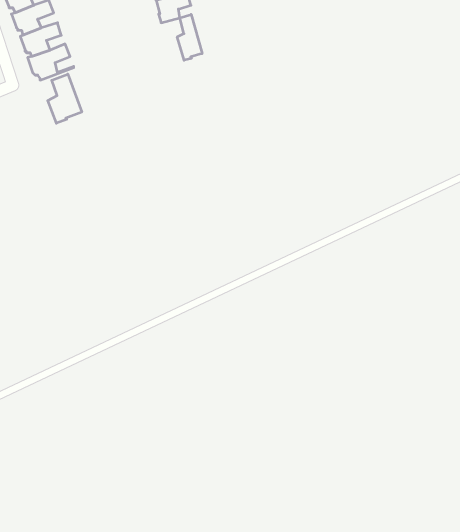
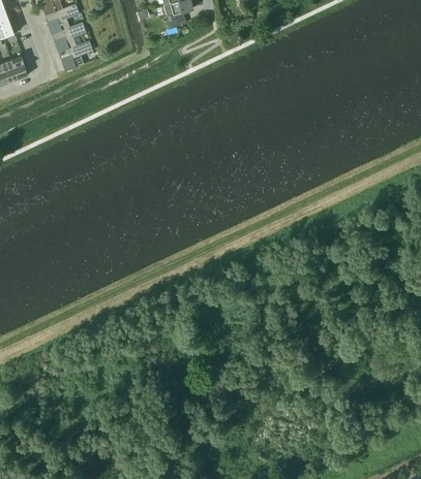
building: [177,14,202,60] -> none
building: [48,74,82,123] -> none

